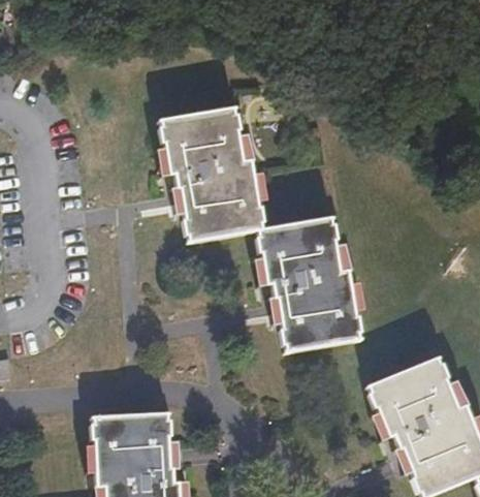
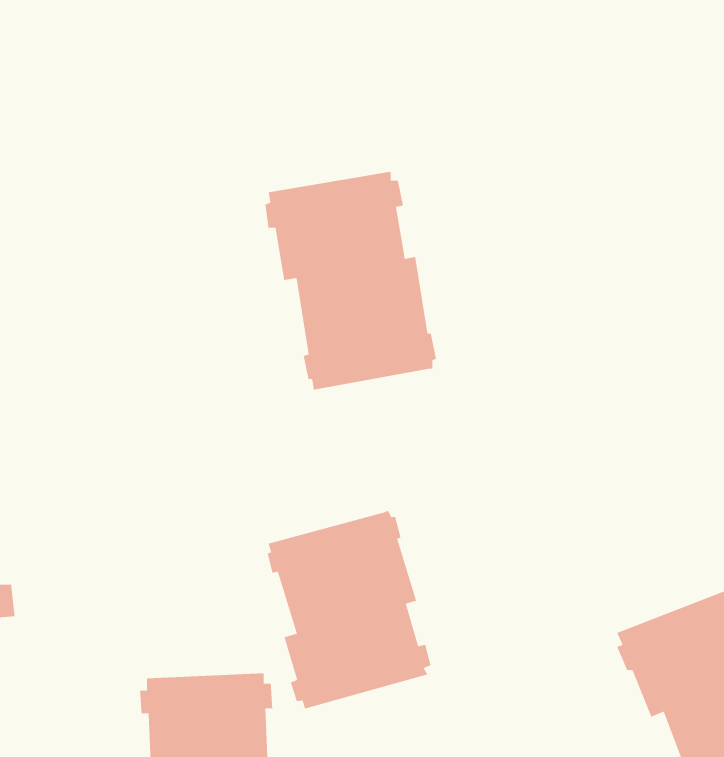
building: [257,219,359,349] -> none
building: none -> [267,510,431,710]

